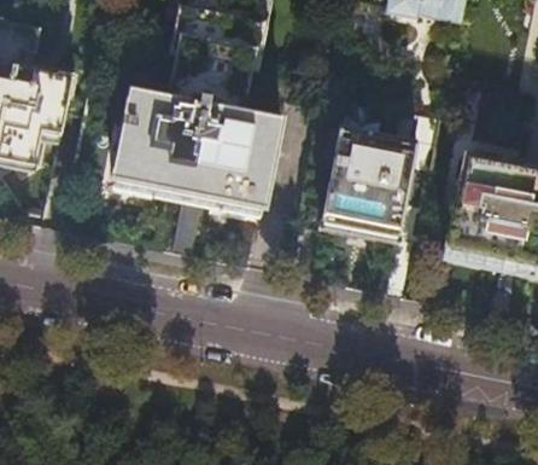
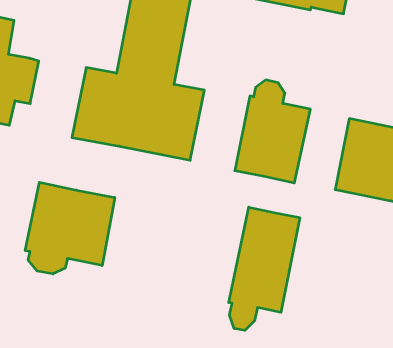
building: none -> [25,182,115,274]
building: none -> [229,207,300,330]

